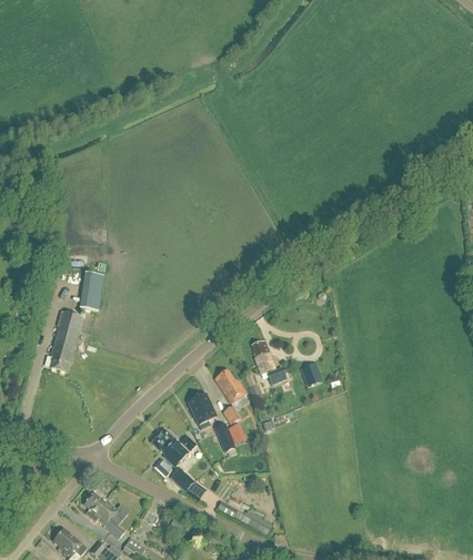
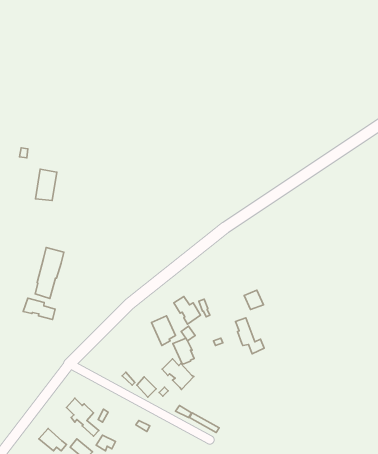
building: [79,272,104,309] -> [36,169,57,201]
building: [252,340,286,384] -> [236,318,264,354]
building: none -> [23,298,55,319]
building: [152,429,190,466] -> [162,359,194,389]

